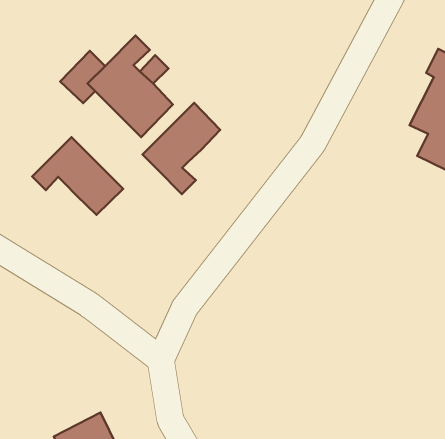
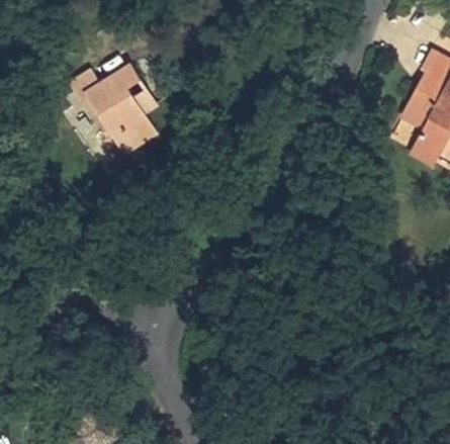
building: [142,103,220,194] -> none
building: [32,137,123,215] -> none

